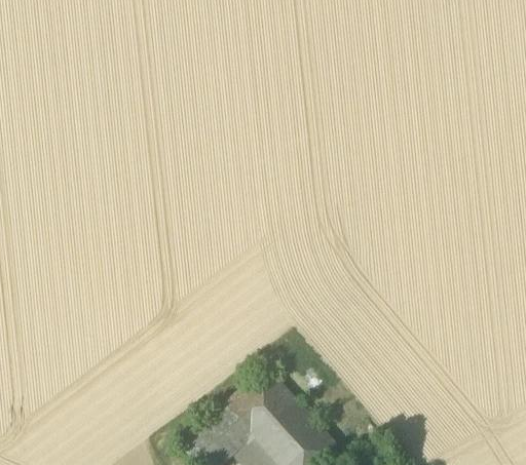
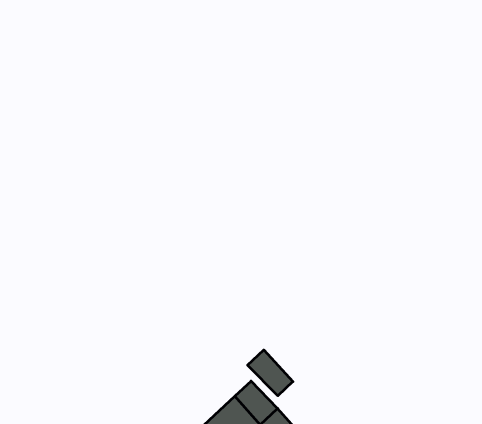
building: none -> [248,350,293,396]

